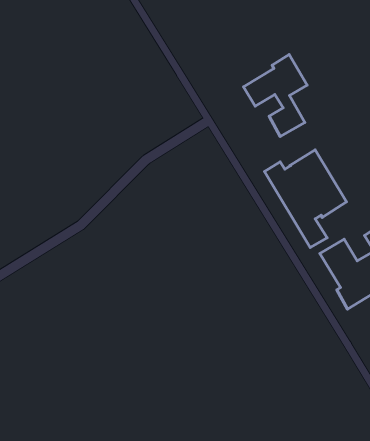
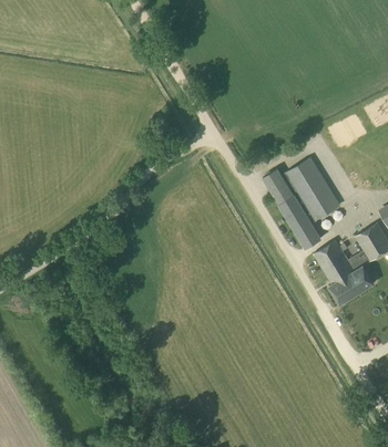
building: [243,55,307,137] -> none

